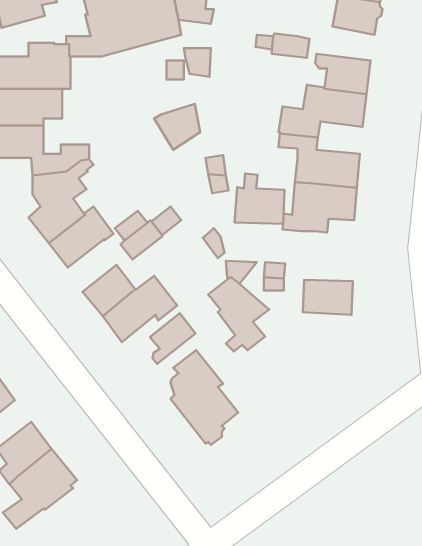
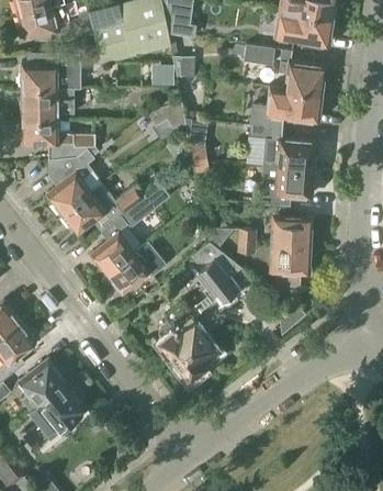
building: [234,174,284,224] -> [270,204,311,245]
building: [150,313,196,364] -> none

